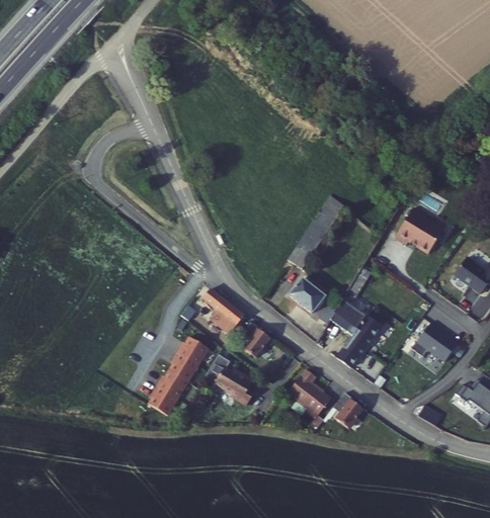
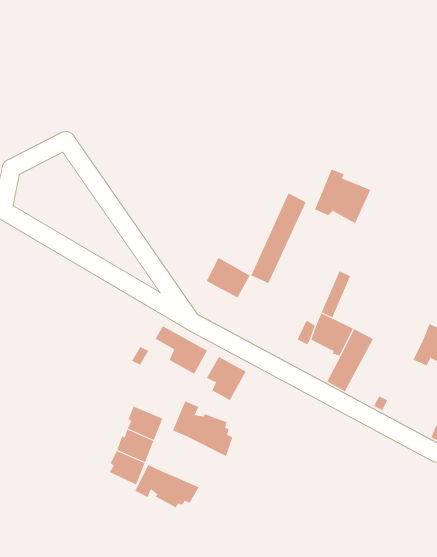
building: [396,206,445,255] -> [314,169,371,224]
building: [289,279,326,316] -> [206,257,250,298]
building: [176,336,210,366] -> none
building: [289,368,332,419] -> none
building: [334,393,365,430] -> none
building: none -> [134,464,200,508]

